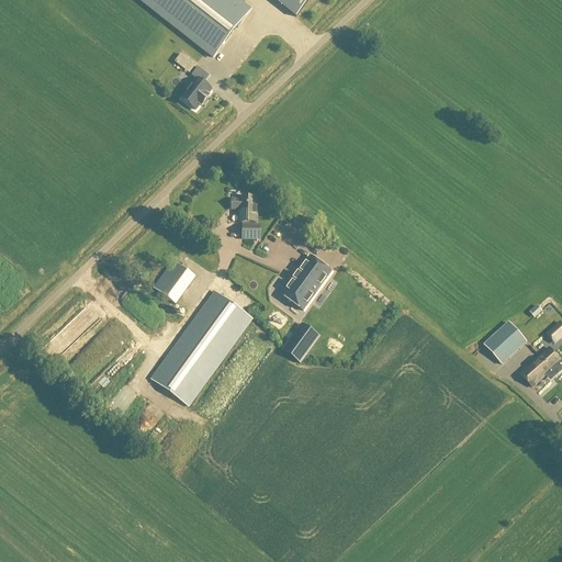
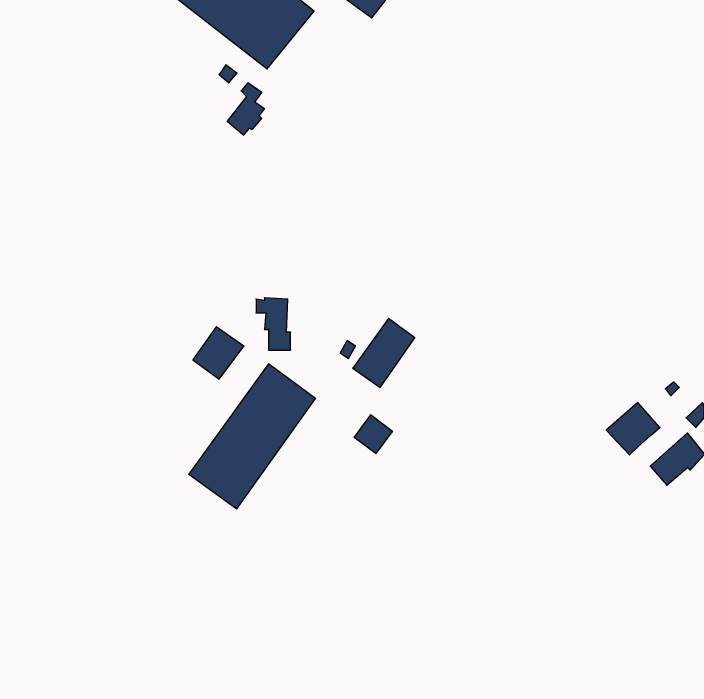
building: [232,195,259,237] -> [256,298,291,350]

